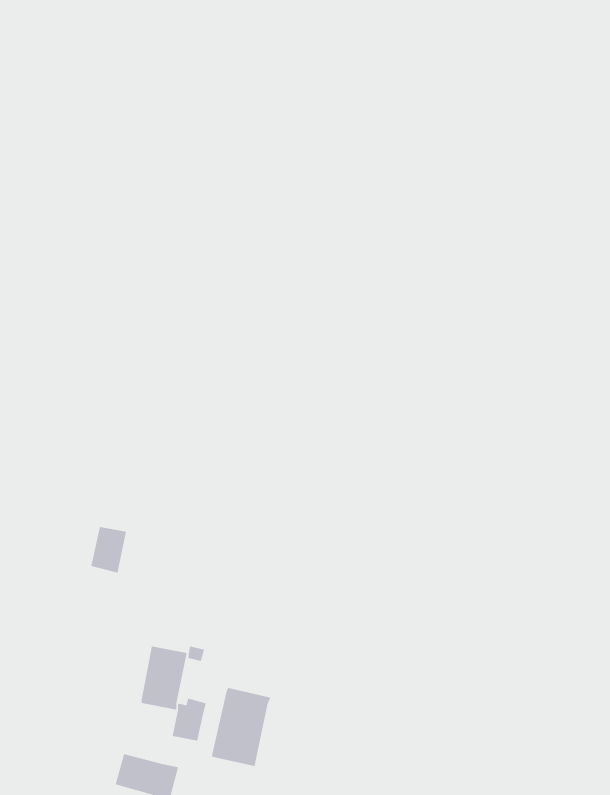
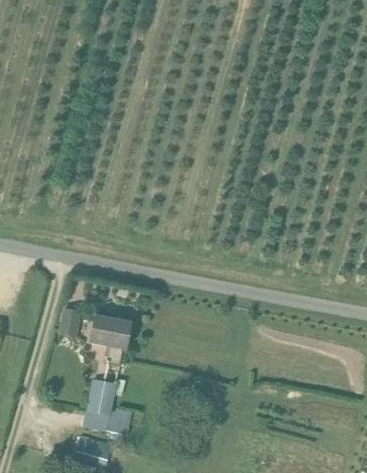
building: none -> [90,315,131,364]
building: [211,687,271,767] -> none

